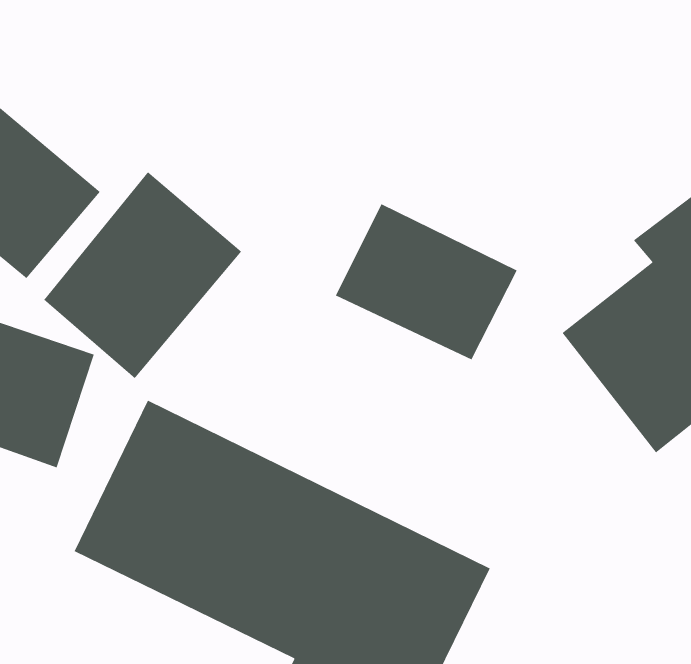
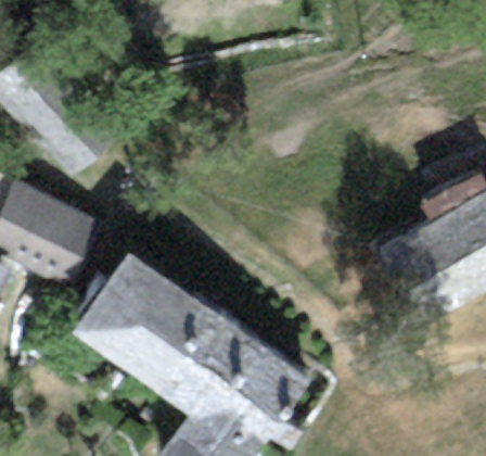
building: [43,171,242,379] -> none
building: [335,203,518,360] -> none

